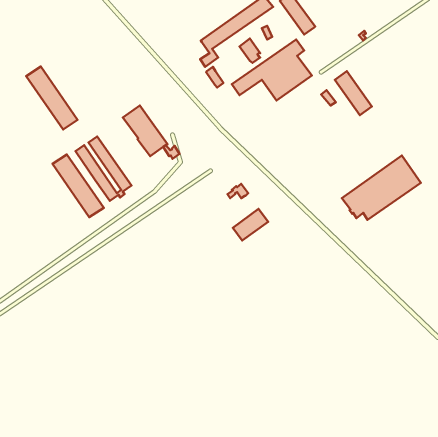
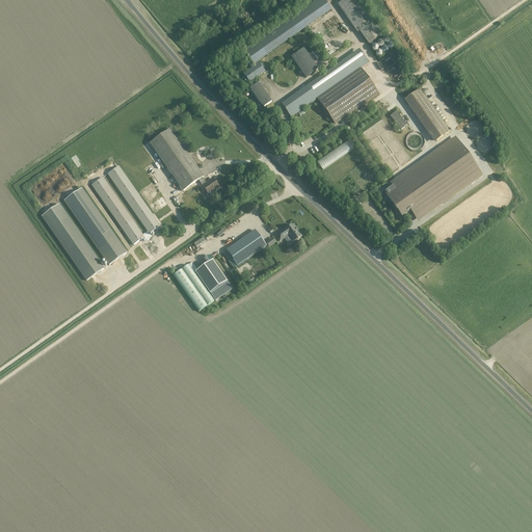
building: [26,67,78,129] -> [41,203,103,278]
building: [342,155,421,220] -> [383,138,479,216]
building: [233,209,268,241] -> [222,229,265,267]
building: none -> [172,259,230,310]

